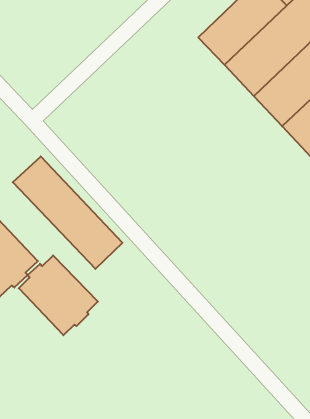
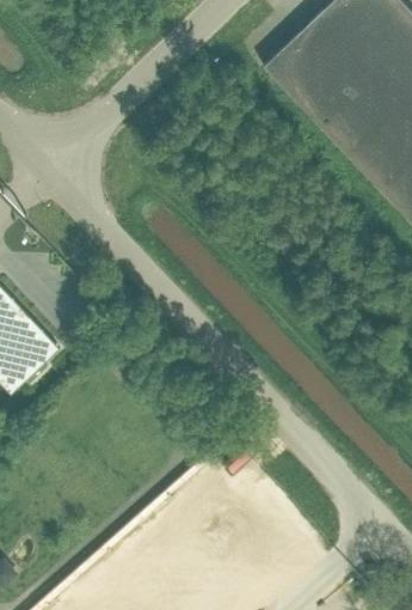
building: [13,156,122,269] -> none
building: [19,255,98,335] -> none

